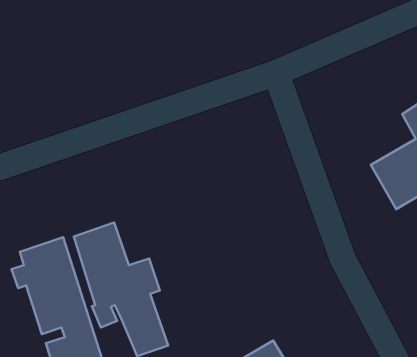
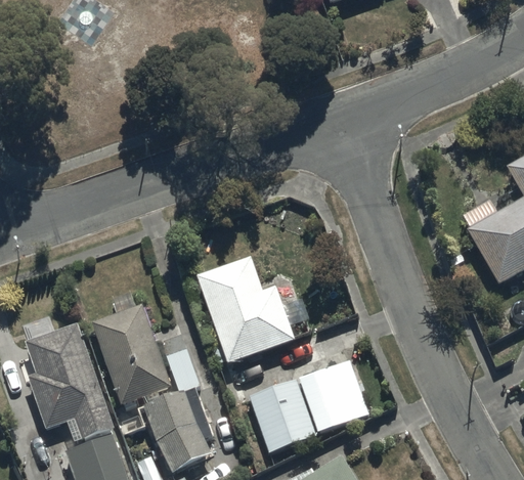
building: none -> [195,255,296,363]
building: none -> [249,359,372,452]

